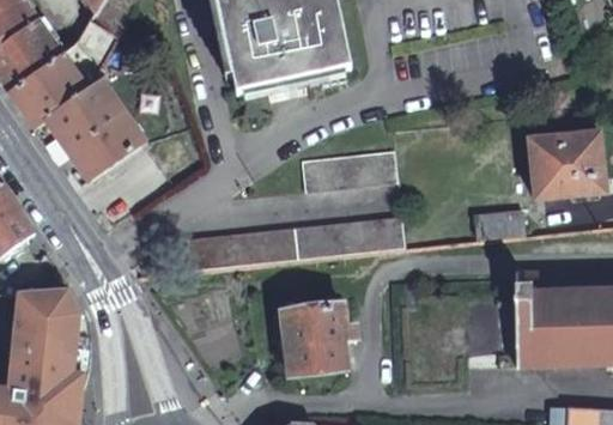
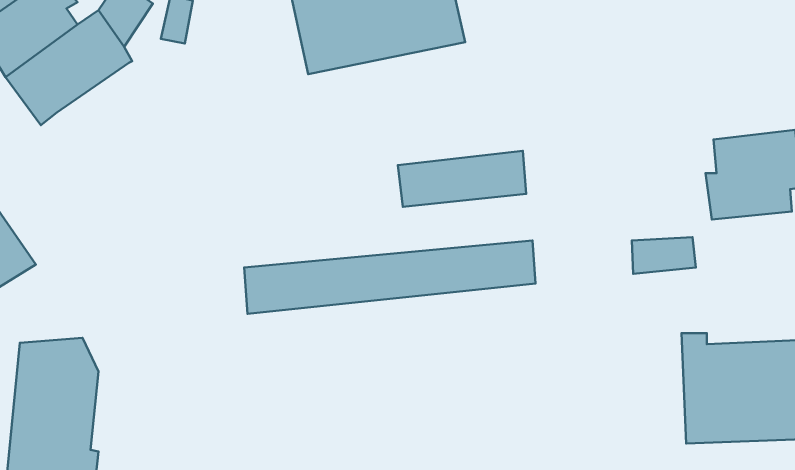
building: [47,83,142,182] -> none
building: [283,298,356,376] -> none

